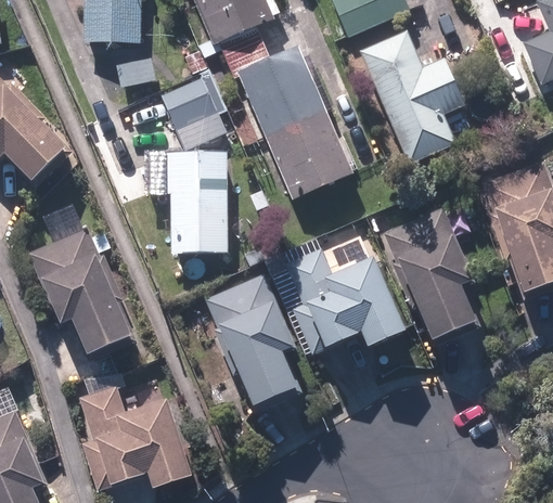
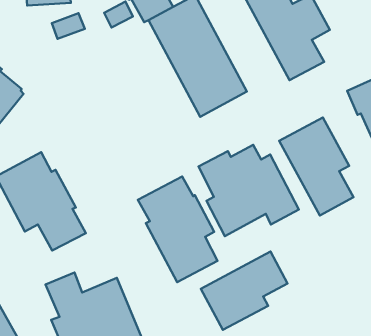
building: [160,76,219,125] -> none
building: [166,150,228,251] -> none
building: none -> [201,252,288,330]

